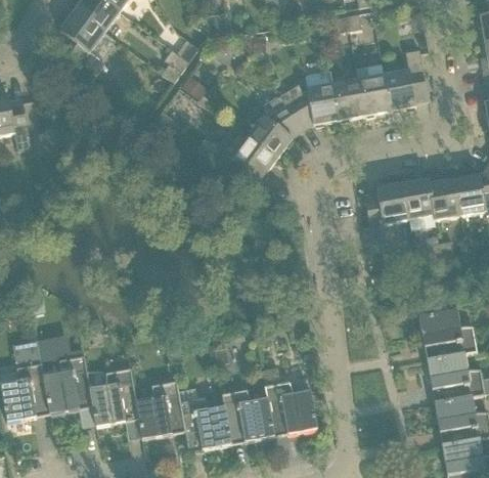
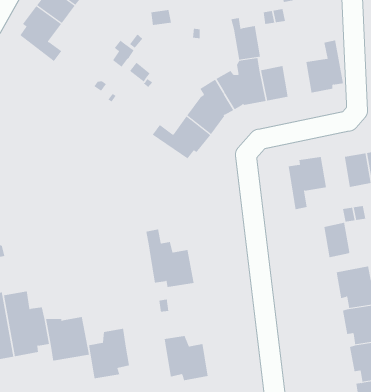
building: [356,66,391,115] -> [230,18,261,60]
building: [403,178,435,219] -> [323,222,351,258]
building: [262,366,318,434] -> [145,229,194,288]
building: [179,396,230,449] -> none

